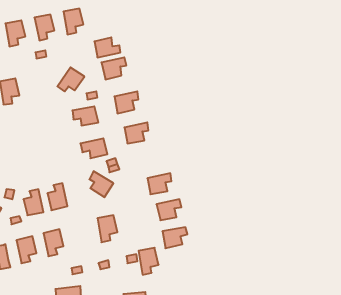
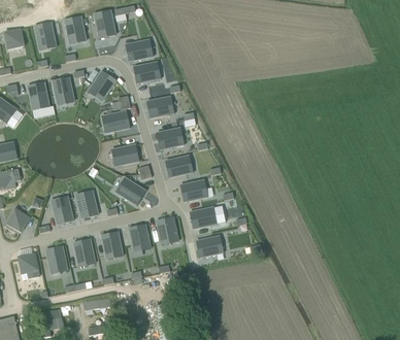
building: none -> [53,77,73,105]
building: none -> [165,156,191,178]
building: none -> [101,231,122,259]
building: [139,248,159,275] -> [157,216,177,244]

